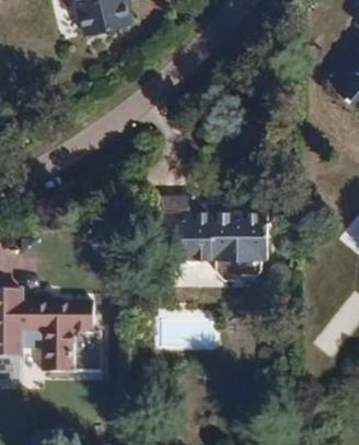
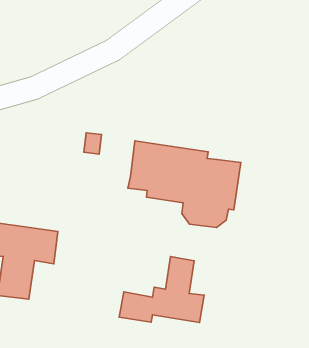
building: none -> [119,256,204,322]

